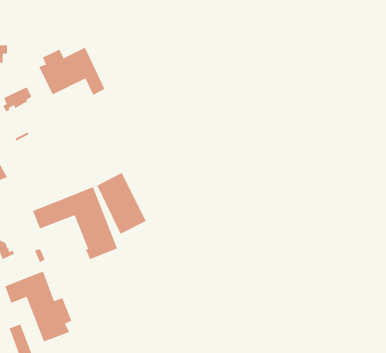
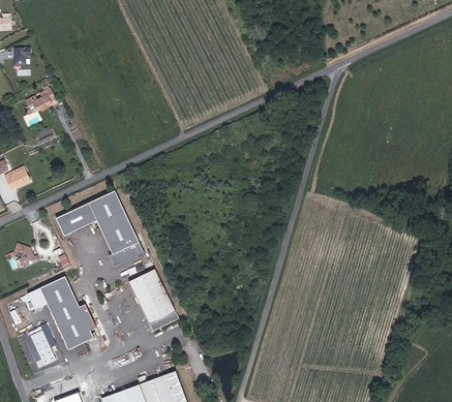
building: [39,47,105,96] -> none
building: [97,172,147,234] -> [129,271,180,334]

